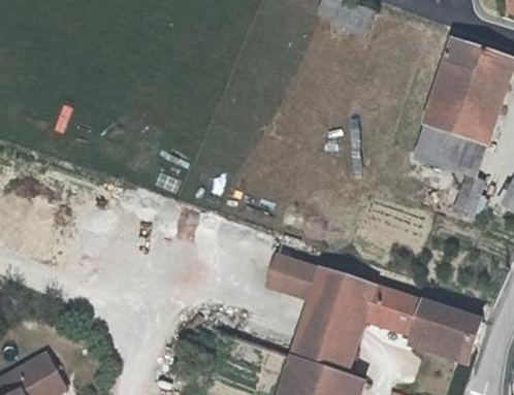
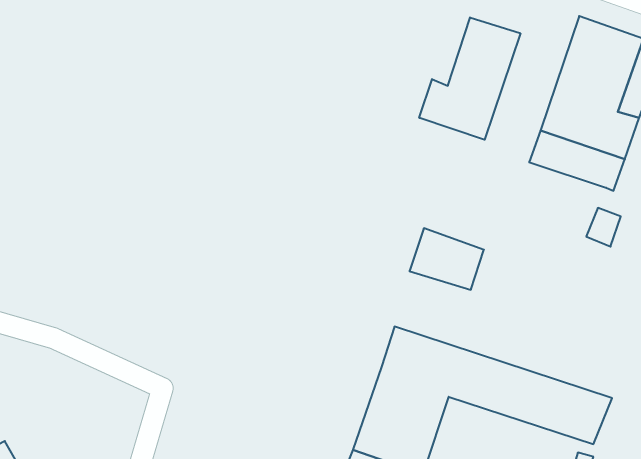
building: none -> [419,17,520,140]
building: [266,254,320,298] -> [409,228,484,290]

